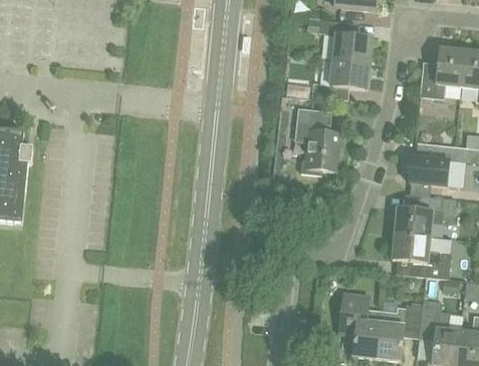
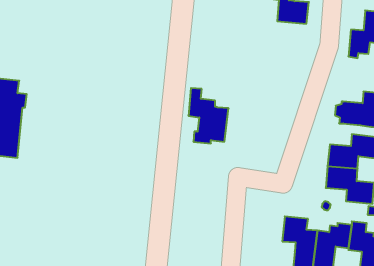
building: [311,59,369,98] -> none
building: [294,107,342,173] -> [188,88,229,143]

